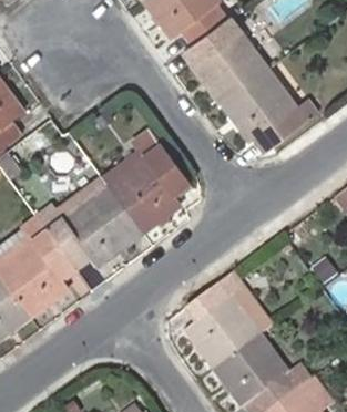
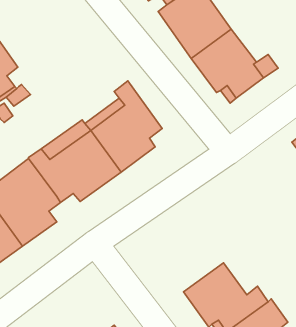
building: [185,276,259,368] -> none

